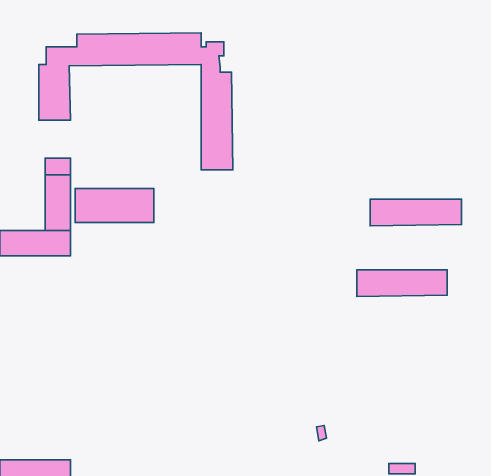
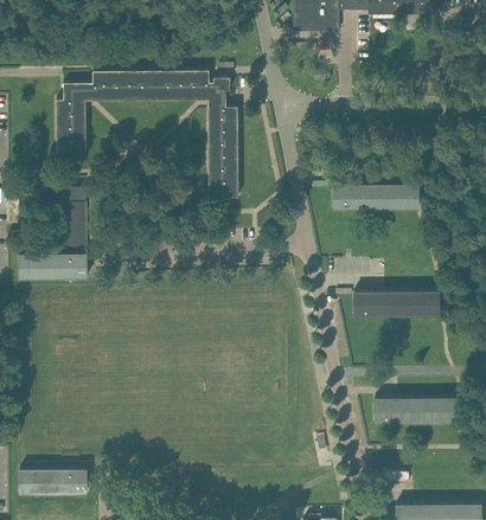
building: [75,188,154,222] -> none
building: [370,199,462,226] -> [333,185,418,210]
building: none -> [375,398,460,423]

